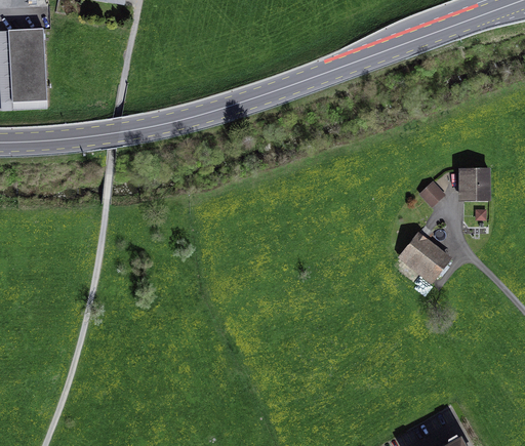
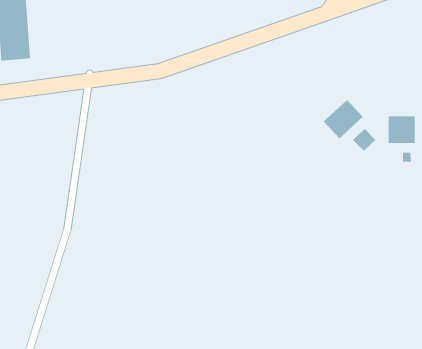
building: none -> [323,99,363,139]
building: [396,231,450,283] -> none

